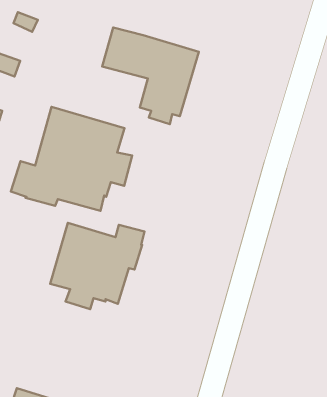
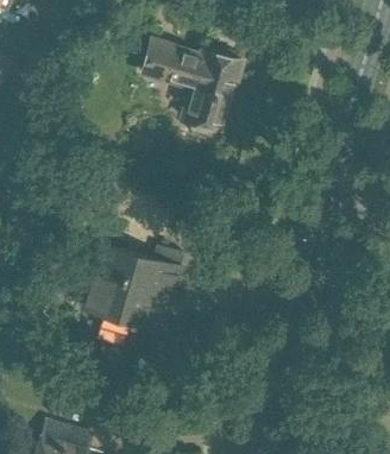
building: [11,107,132,211] -> none

